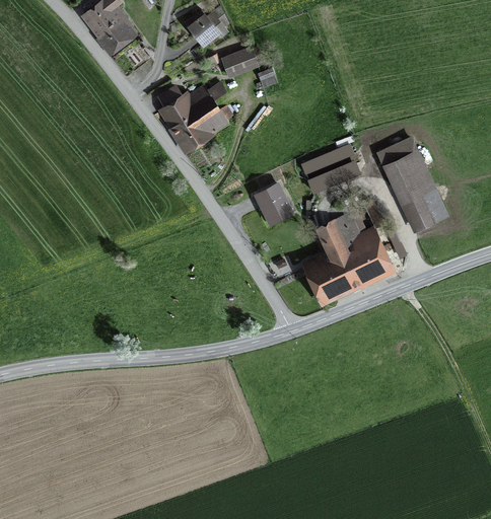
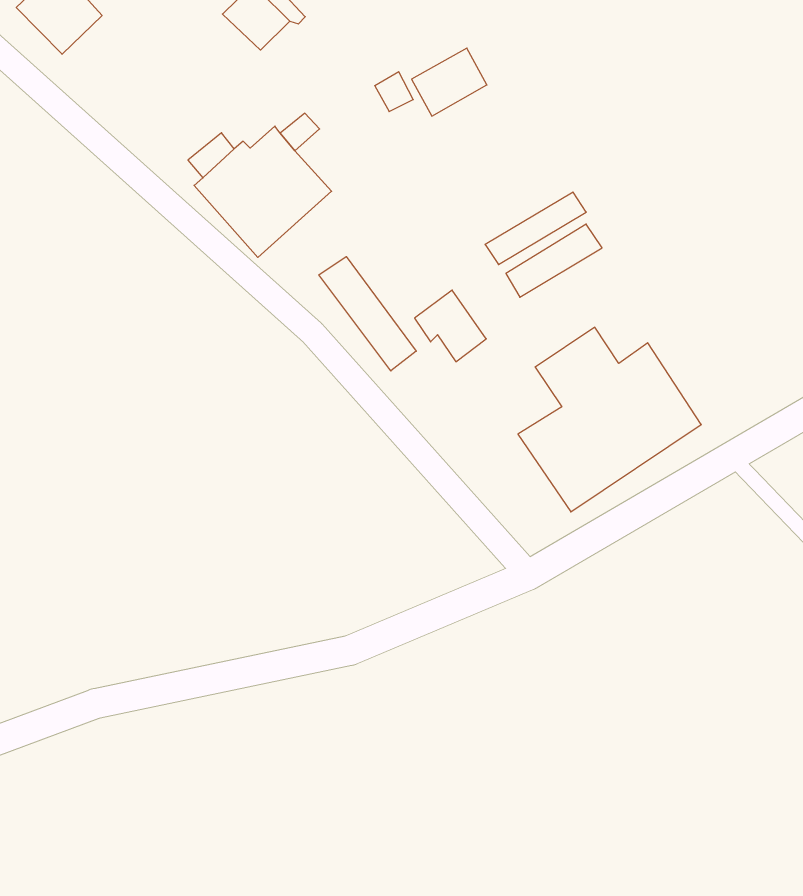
building: [102,16,137,51] -> none
building: [221,47,259,78] -> [412,48,487,116]
building: [376,136,448,232] -> none
building: none -> [319,257,416,371]

